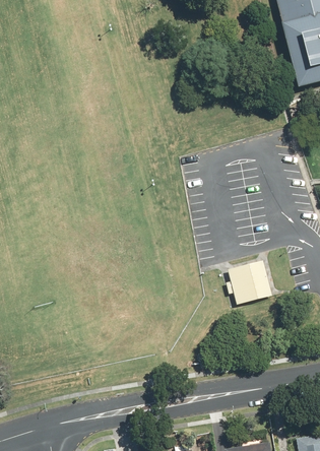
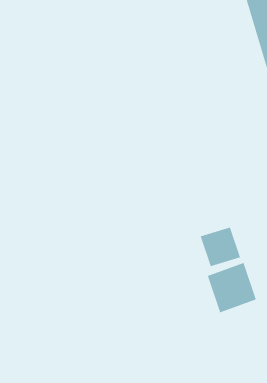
building: none -> [207,262,256,313]

